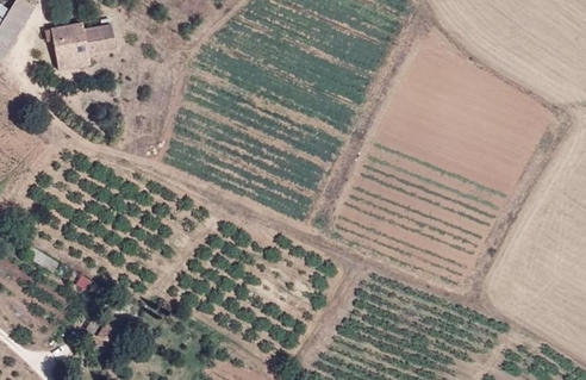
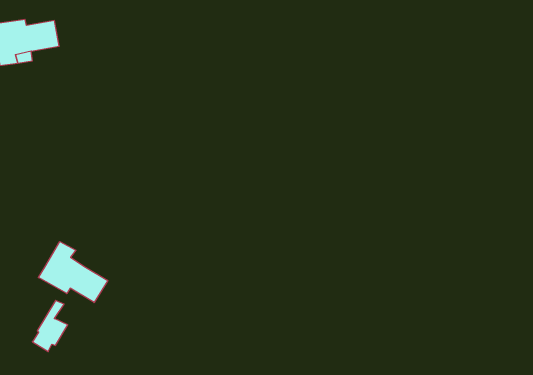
building: none -> [38,242,108,303]

